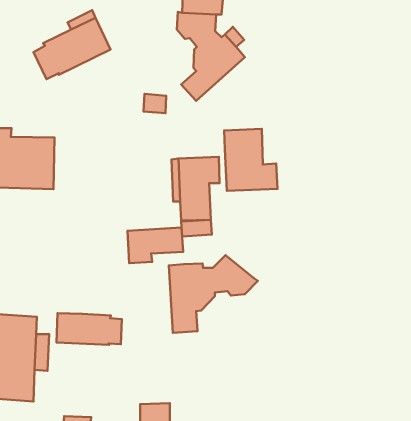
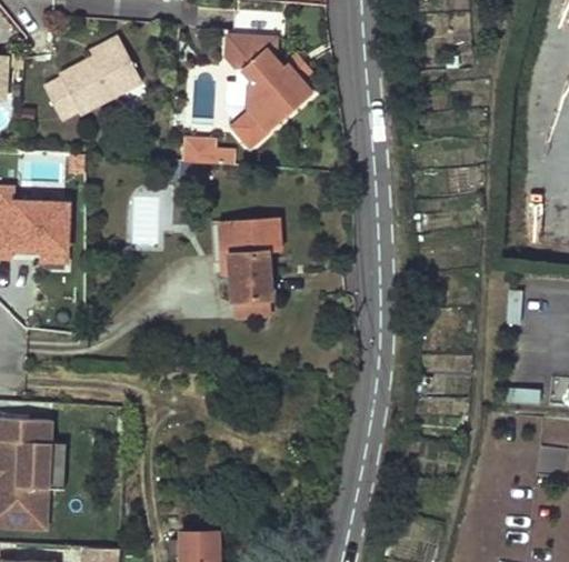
building: [224,129,277,191] -> none
building: [127,228,183,263] -> none
building: [169,255,258,333] -> none
building: [57,313,122,345] -> none

